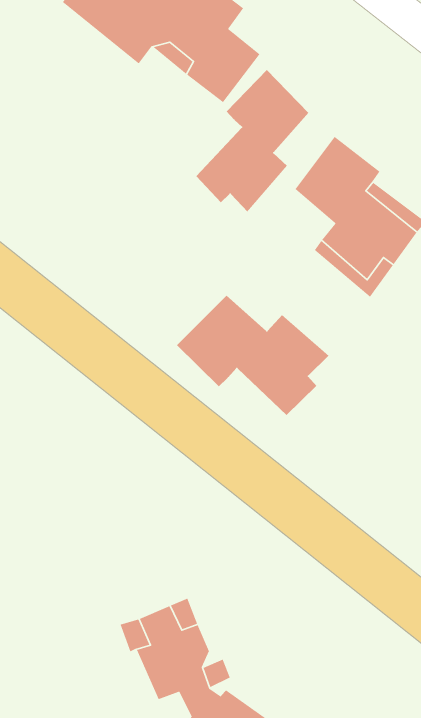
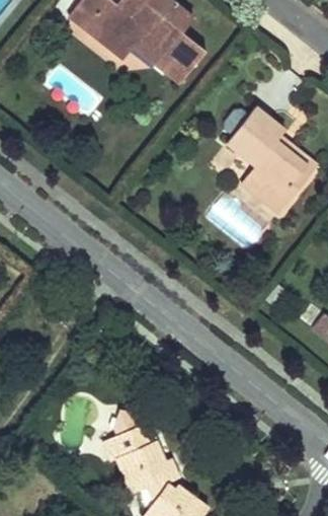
building: [196,69,309,212] -> none
building: [176,295,329,416] -> none

